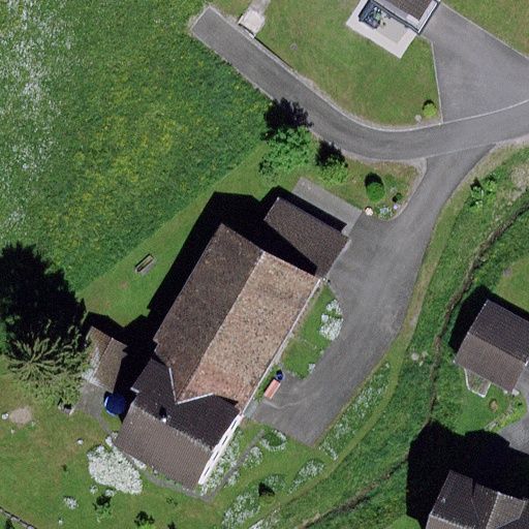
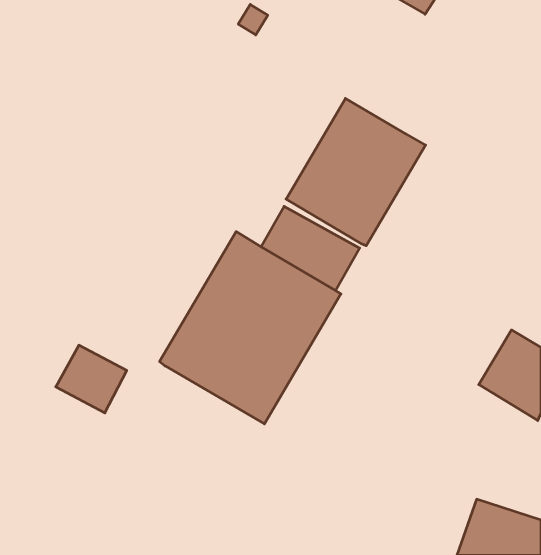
building: none -> [286,98,426,246]
building: [117,346,258,493] -> none

